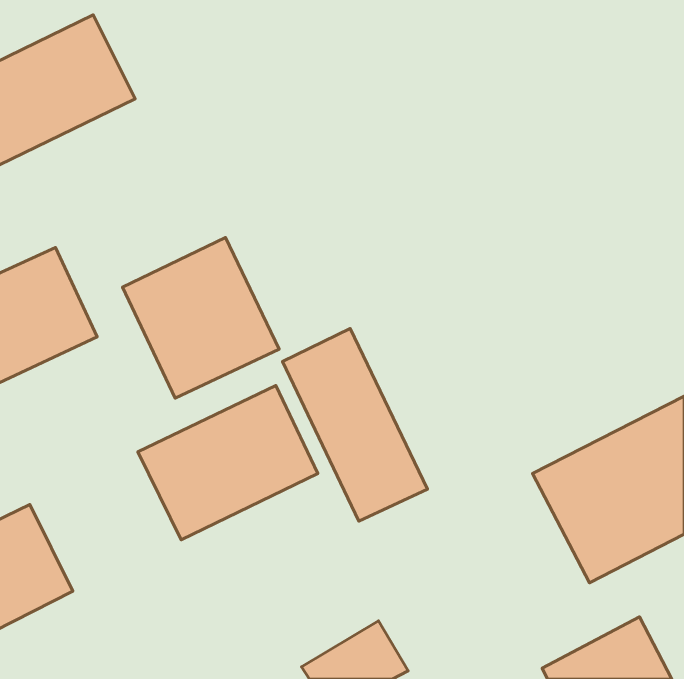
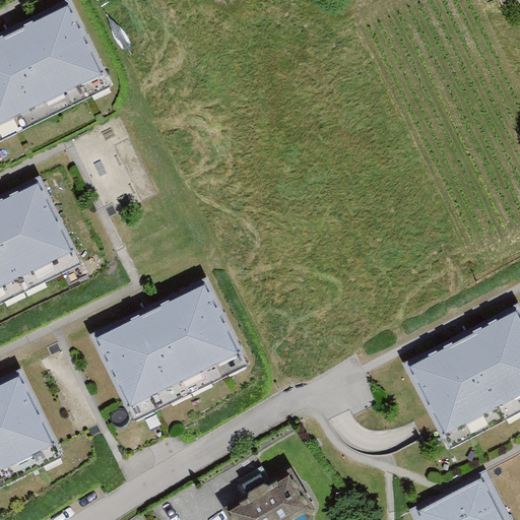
building: [123,237,279,398] -> none
building: [283,329,427,521] -> none

